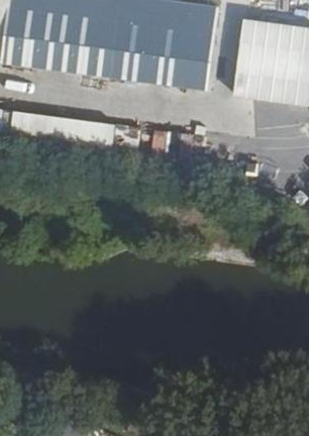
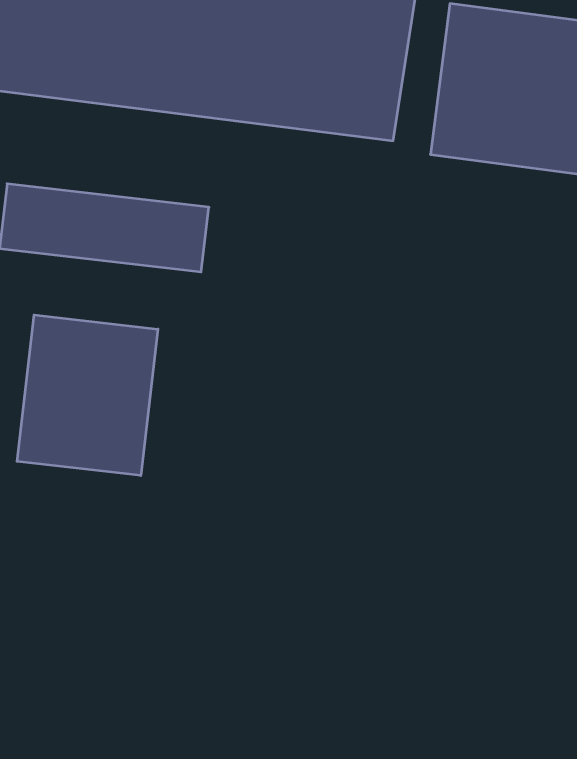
building: none -> [17,315,158,476]

